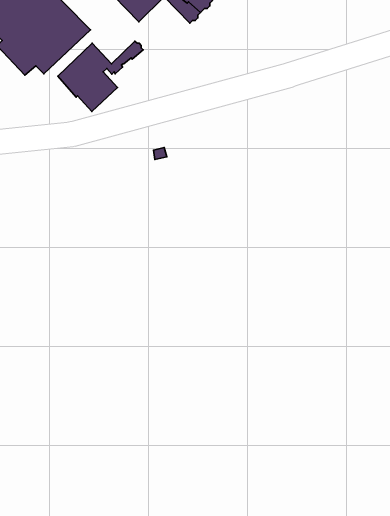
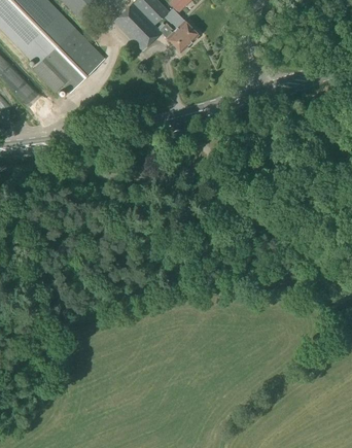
building: [58,41,143,111] -> none

